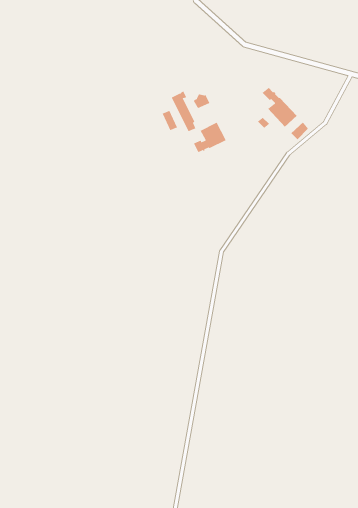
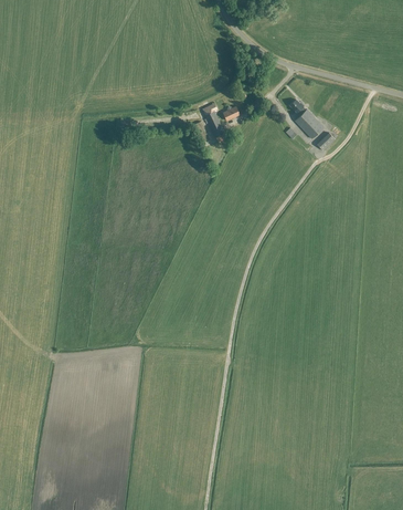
building: [193,122,226,153] -> none

